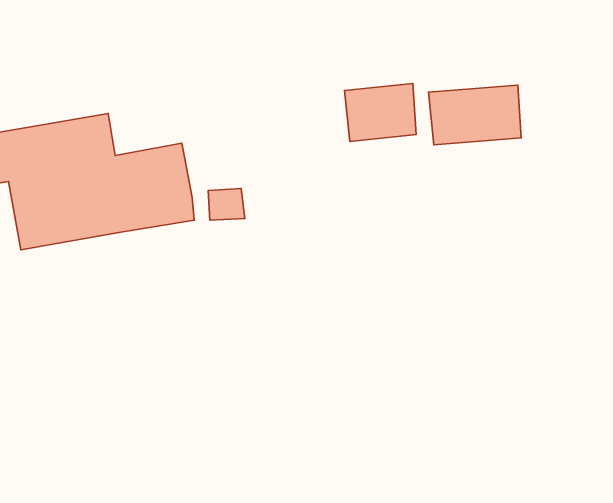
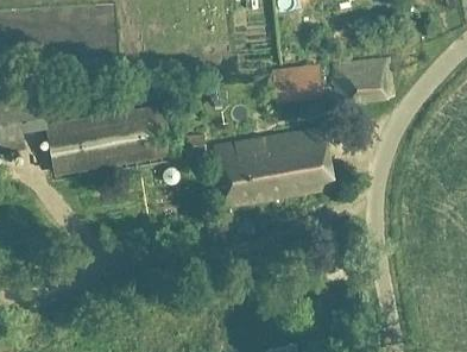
building: none -> [214,130,334,208]

